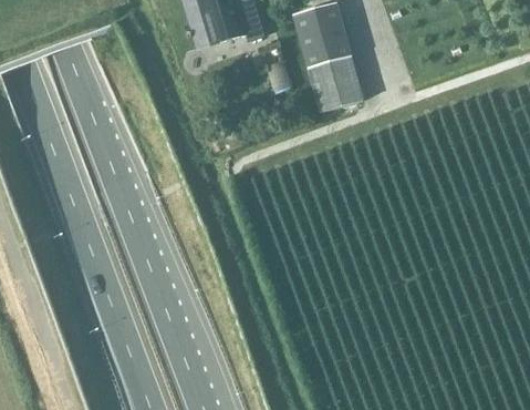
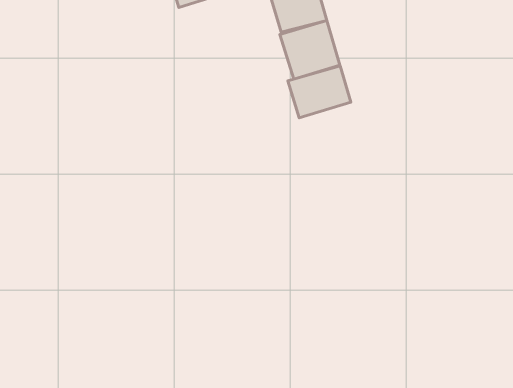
building: none -> [288,66,351,118]

